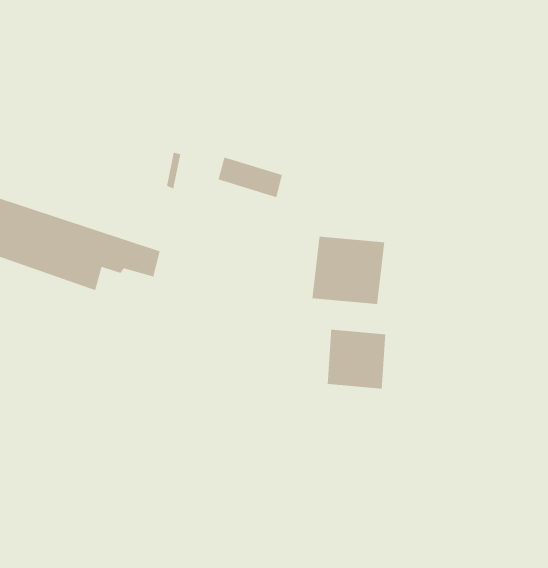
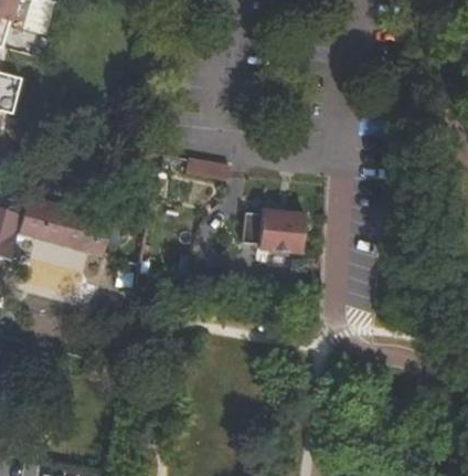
building: [327,329,386,389] -> none

